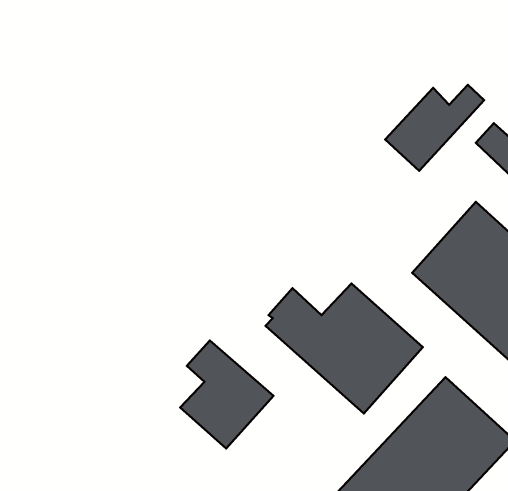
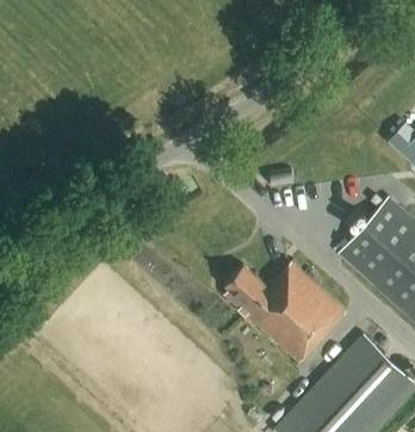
building: [385,85,484,171] -> none
building: [180,340,273,449] -> none

